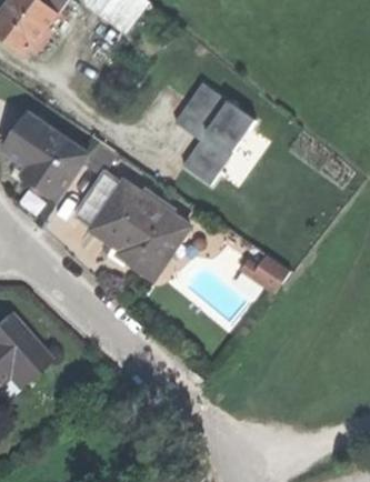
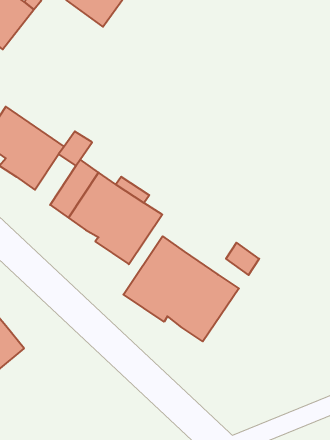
building: [180,71,272,184] -> none
building: none -> [123,236,239,341]

